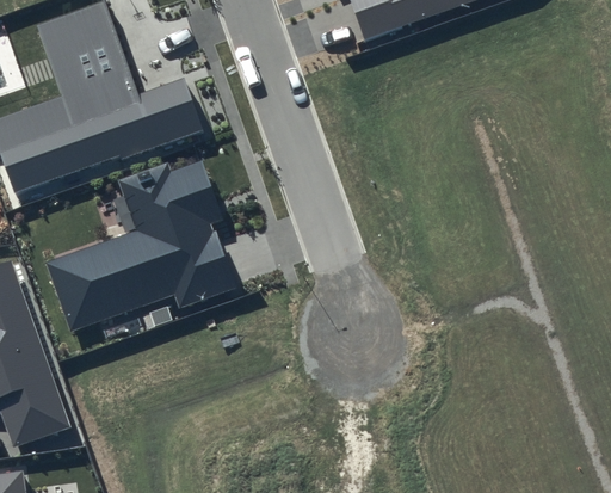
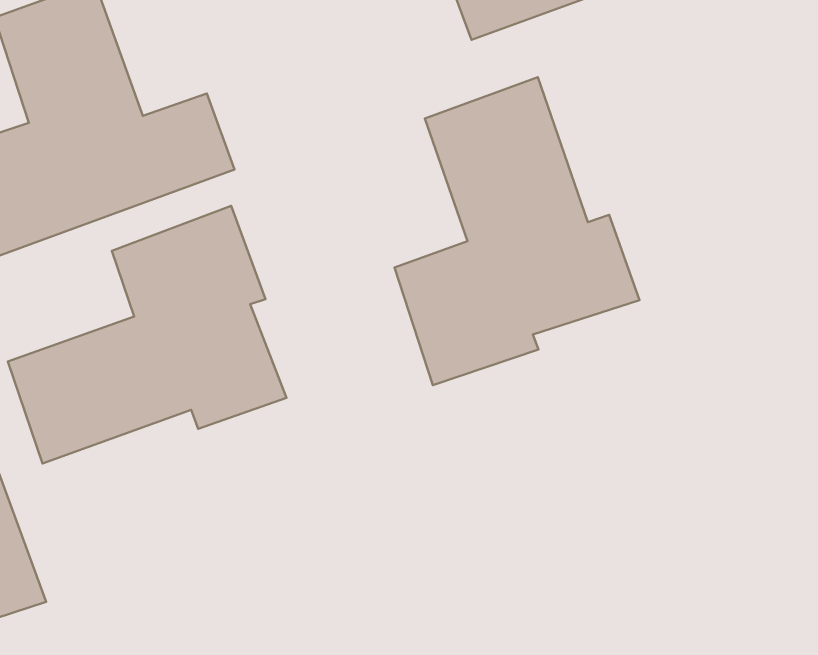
building: none -> [394,77,640,385]

